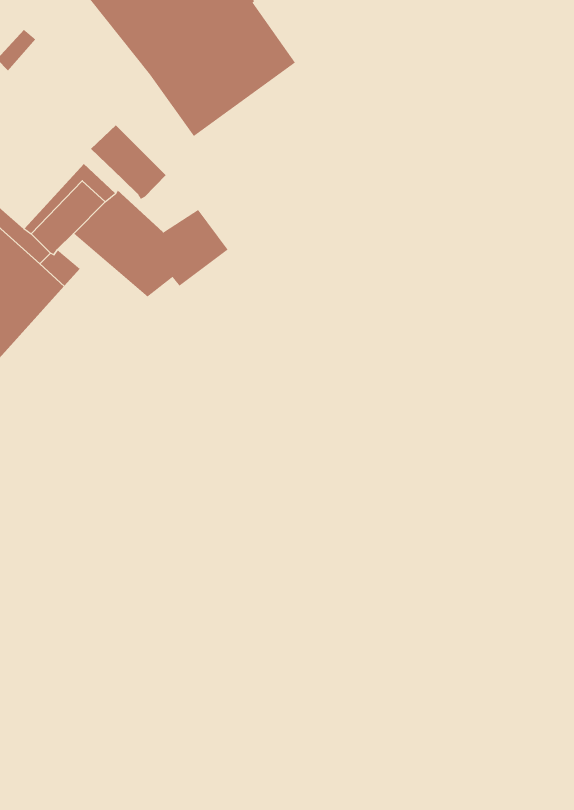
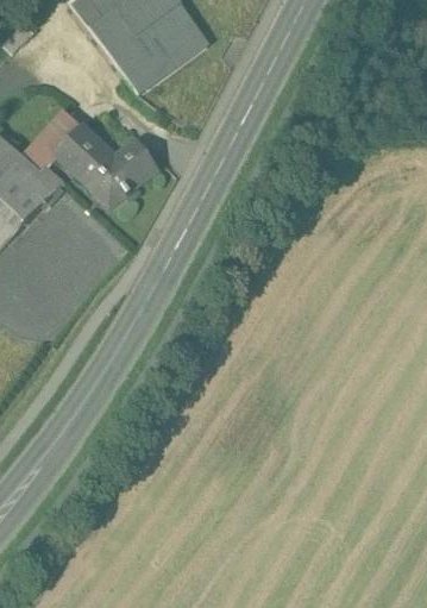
building: [90,125,166,200] -> none

